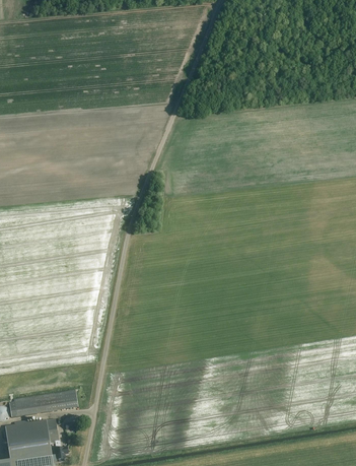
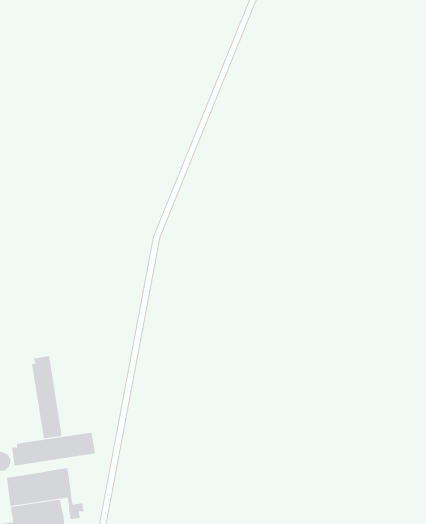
building: none -> [32,355,62,439]

